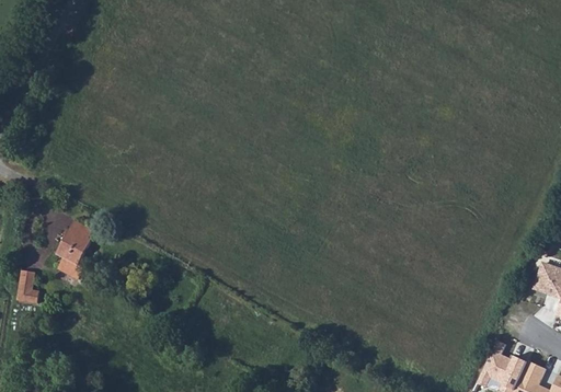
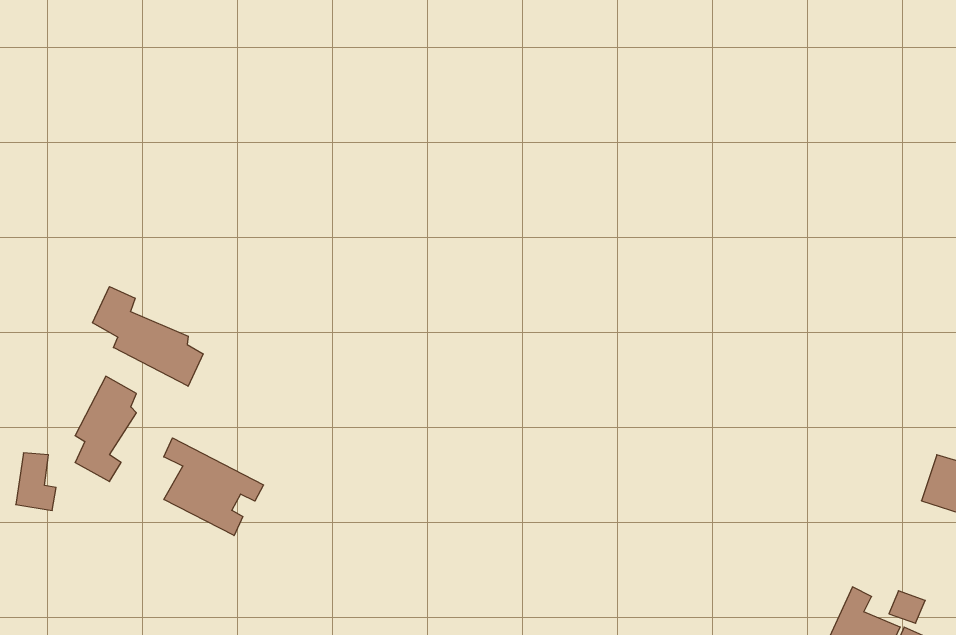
building: none -> [93,287,203,386]
building: none -> [164,438,264,536]

